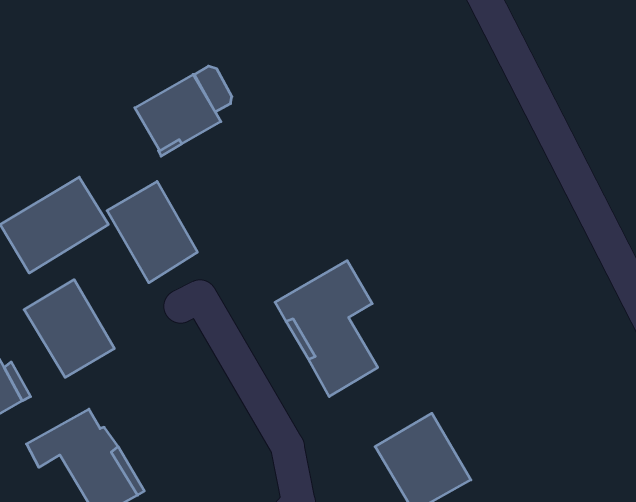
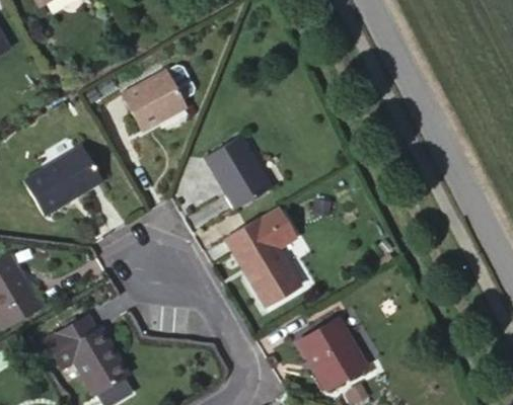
building: [107,181,197,283] -> [205,137,271,211]
building: [24,280,114,377] -> none

